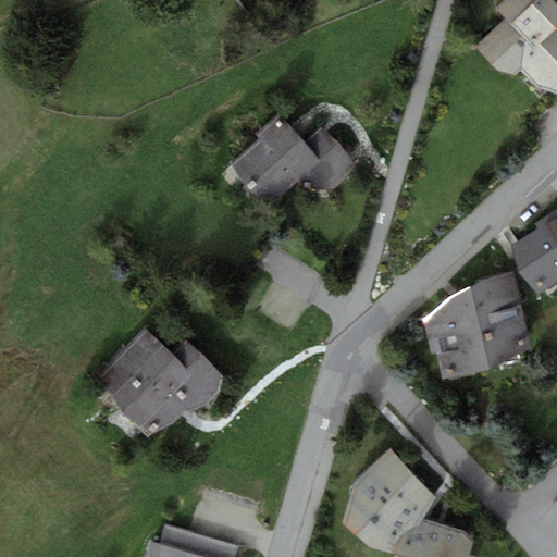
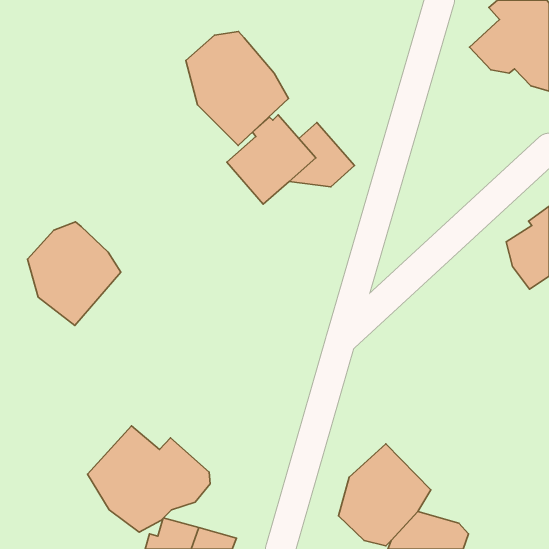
building: none -> [186,31,288,146]
building: none -> [27,222,121,326]
building: [425,271,532,379] -> none
building: [99,327,223,435] -> [88,426,210,532]

